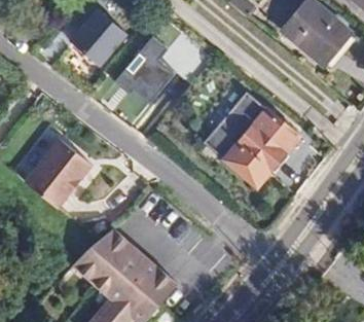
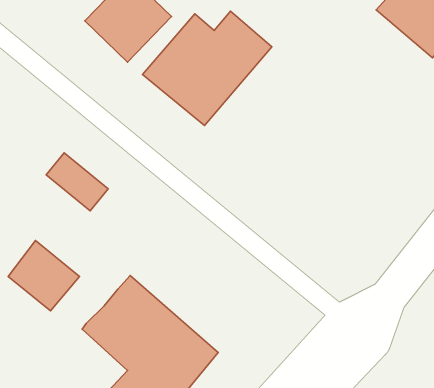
building: [207,91,301,186] -> none
building: [21,153,74,206] -> [8,241,80,311]

